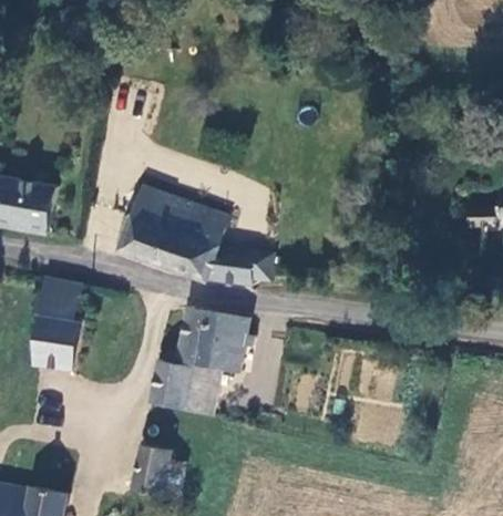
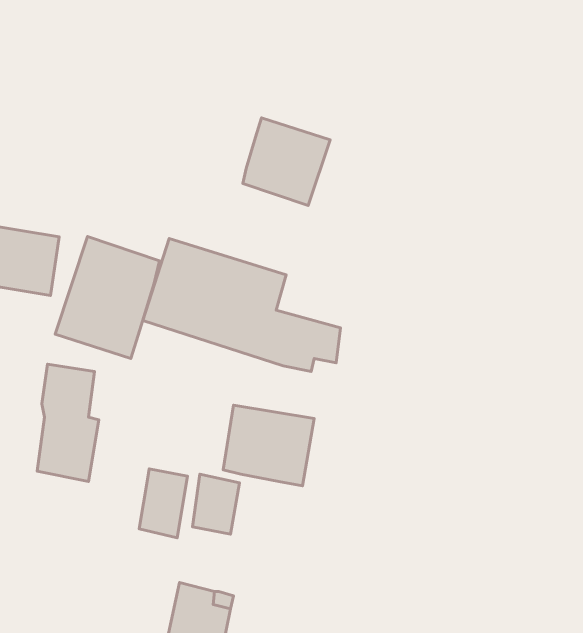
building: none -> [243,118,330,206]
building: none -> [55,236,160,359]
building: [184,363,220,415] -> [139,469,187,538]

